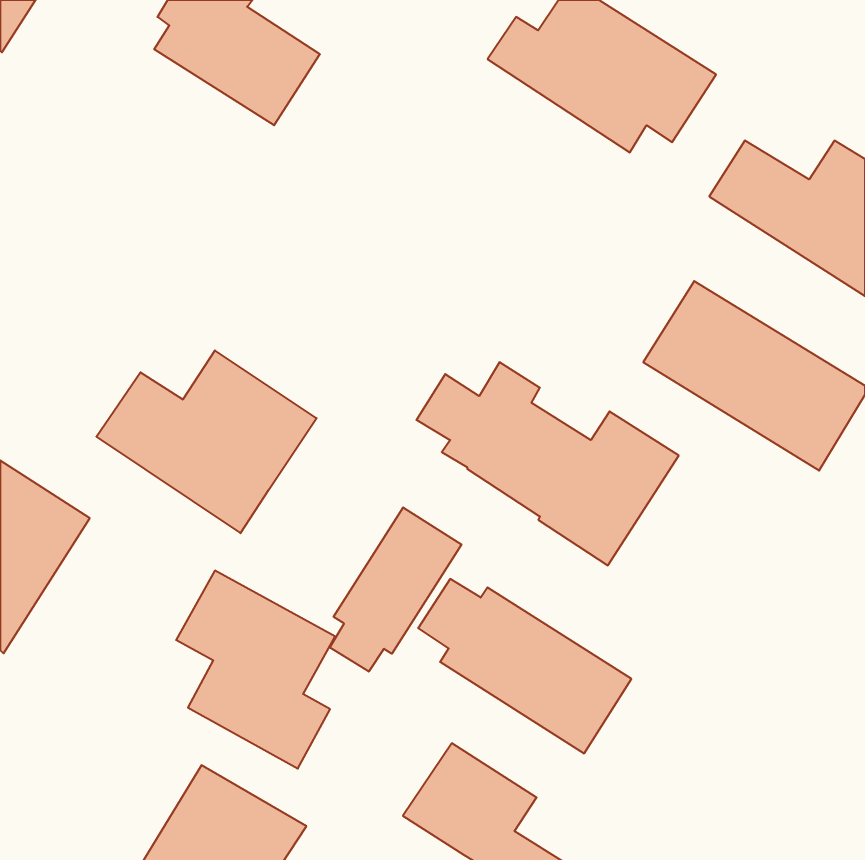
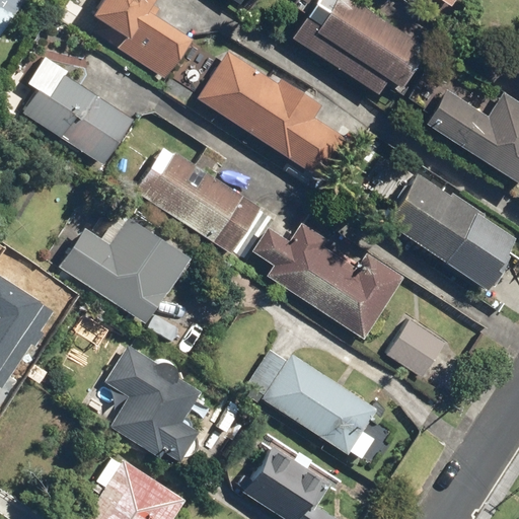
building: none -> [197,51,347,181]
building: none -> [24,56,134,163]
building: none -> [139,148,263,256]
building: [330,507,461,672] -> none
building: none -> [384,317,447,380]

